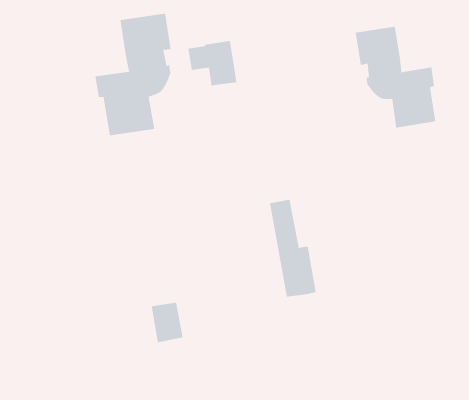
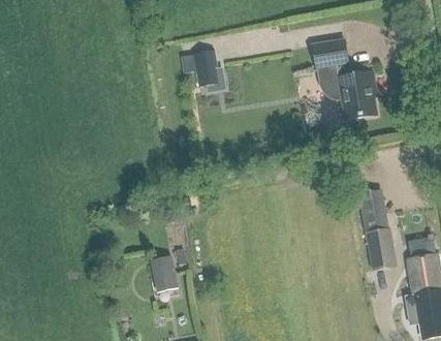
building: [95,13,171,136] -> none
building: [269,199,316,297] -> [359,192,397,270]

